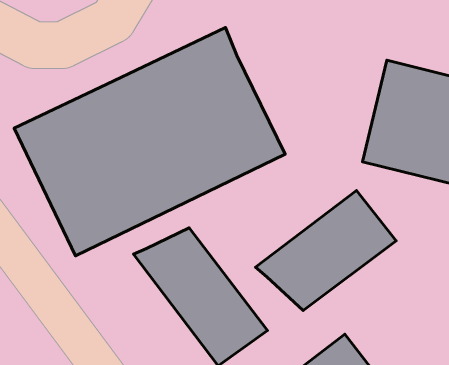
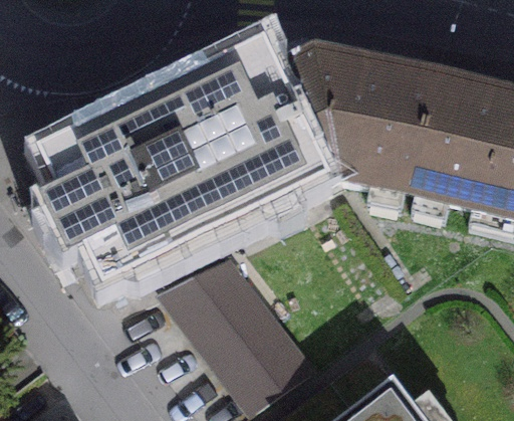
building: none -> [272,47,434,182]
building: [256,191,396,311] -> none

